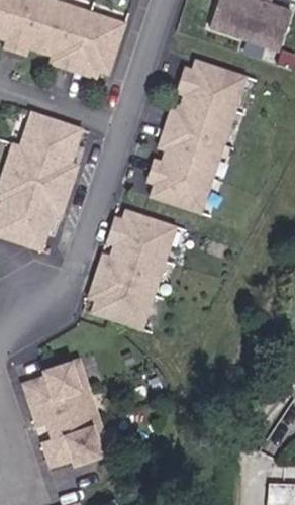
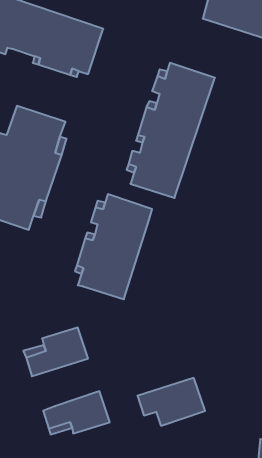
building: [38,387,111,438] -> [137,378,205,426]

